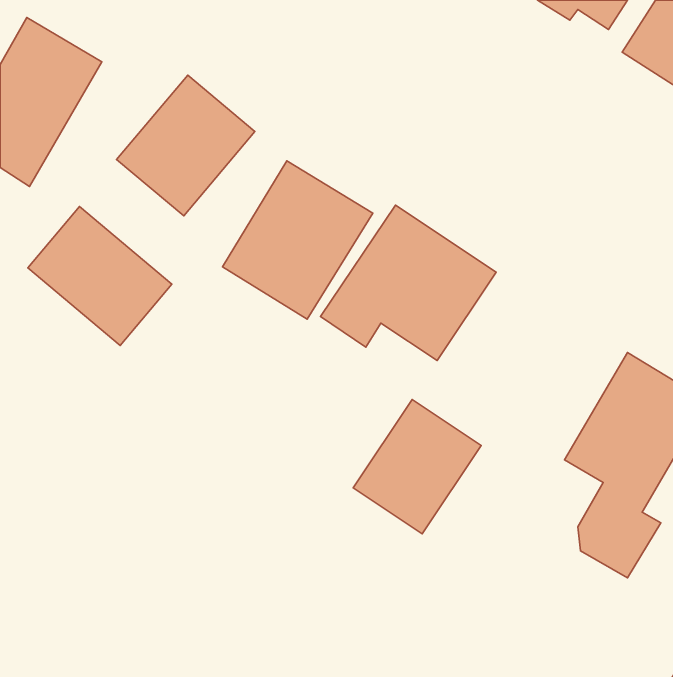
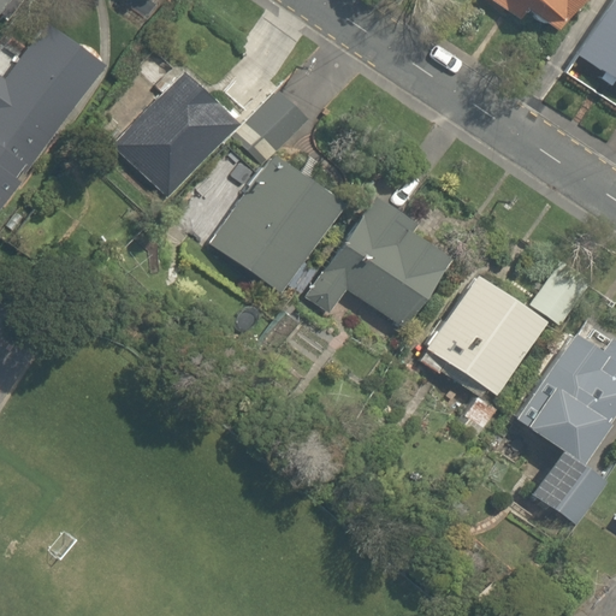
building: [28,206,172,345] -> none
building: none -> [422,262,594,396]
building: [353,400,481,534] -> none

